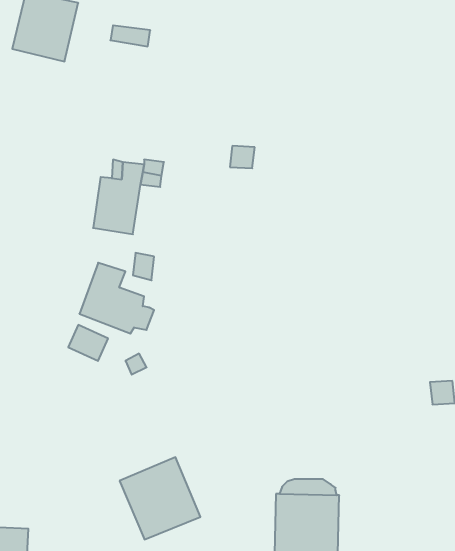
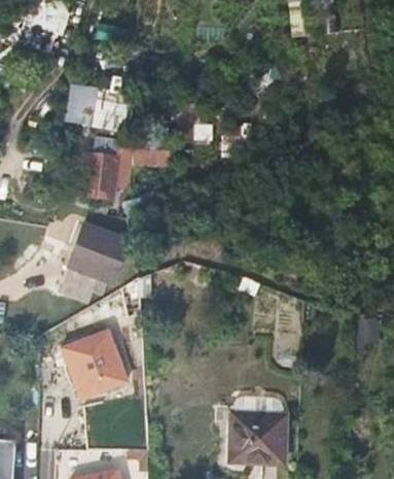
building: none -> [66,85,118,128]
building: [120,457,200,539] -> [62,328,129,396]

